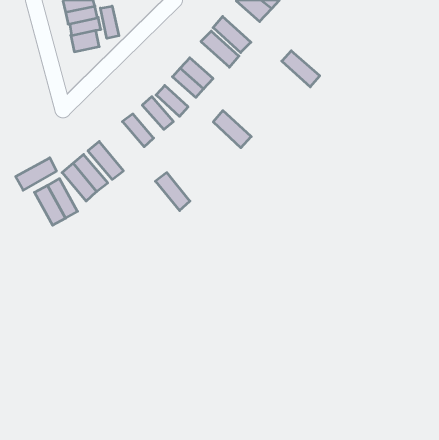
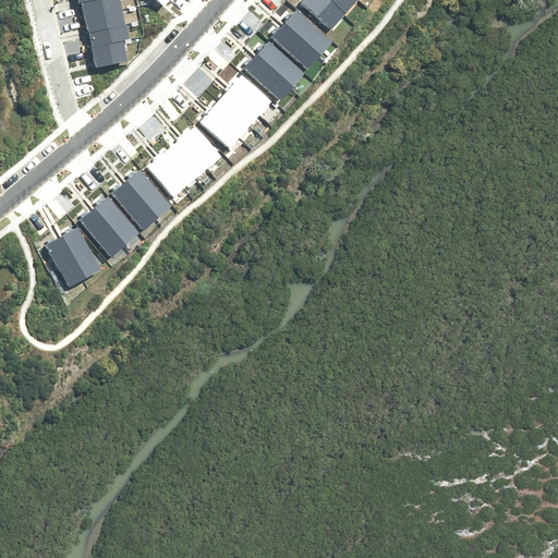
building: [100,6,119,38] -> none
building: [282,51,320,87] -> [283,9,331,54]
building: none -> [210,98,250,136]
building: none -> [170,134,209,175]
building: [213,111,251,148] -> [244,53,292,100]
building: none -> [145,155,184,197]
building: [16,158,56,190] -> none
building: [155,173,190,211] -> [128,169,171,217]

